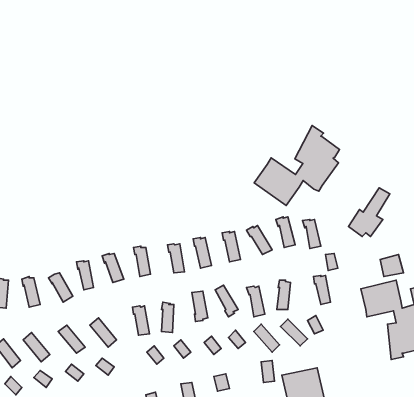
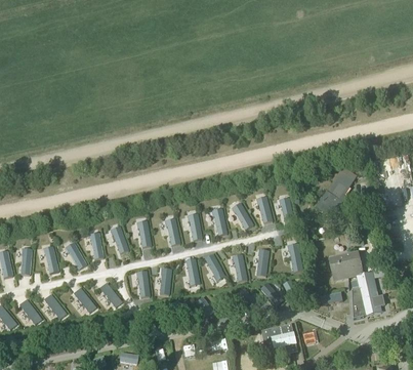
building: [254,126,339,206] -> none

